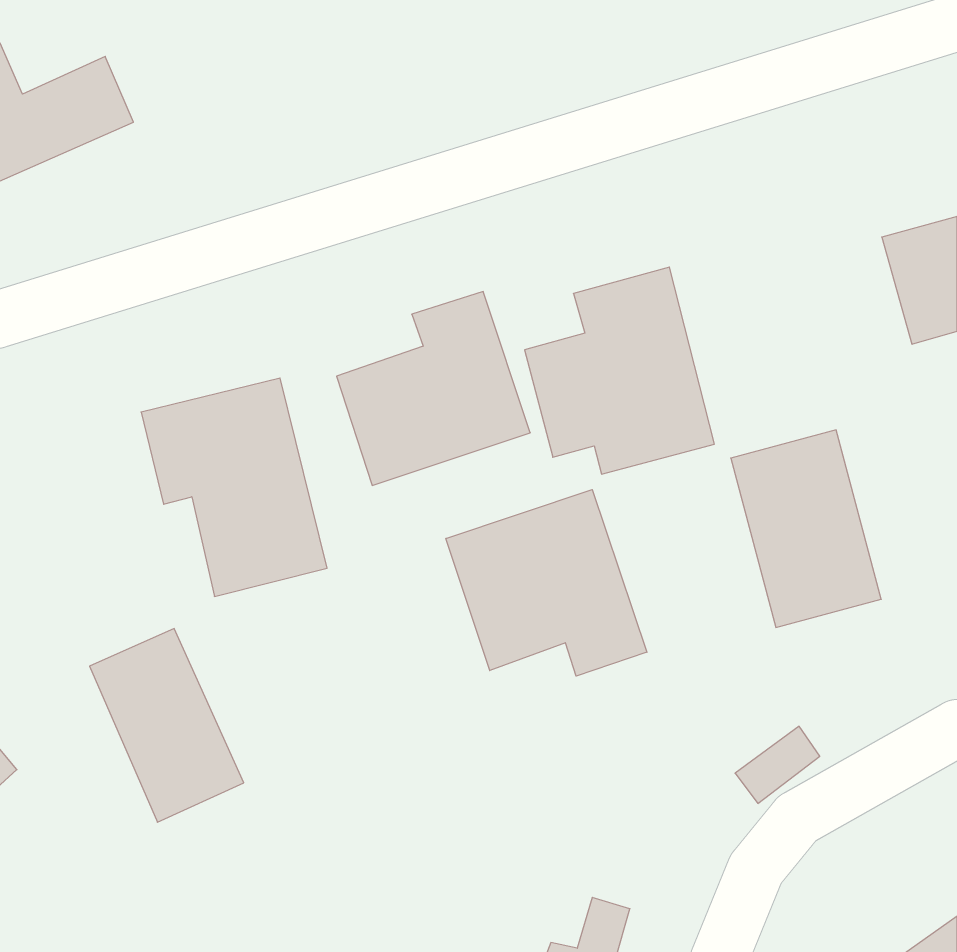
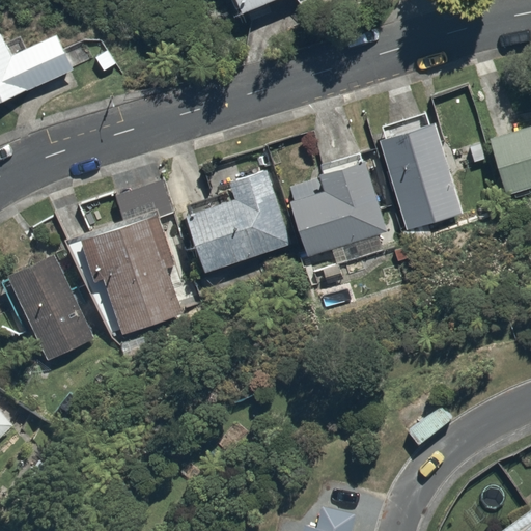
building: [731,430,881,627] -> [380,124,463,233]
building: [446,490,647,676] -> none
building: [90,629,244,822] -> [7,254,92,361]

